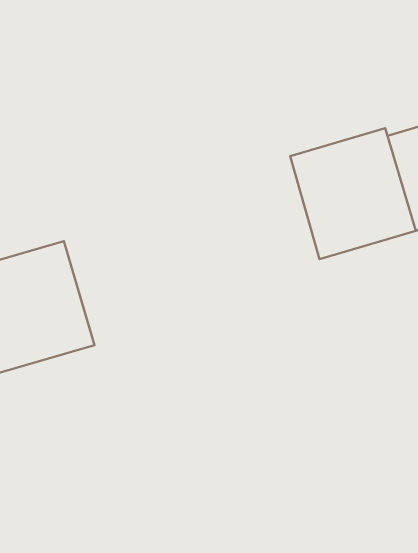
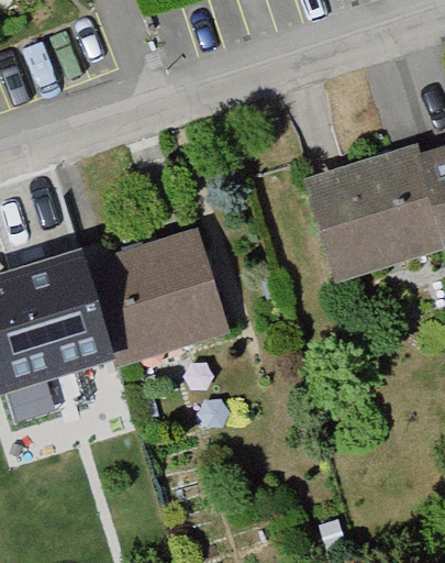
building: none -> [90,238,229,367]

